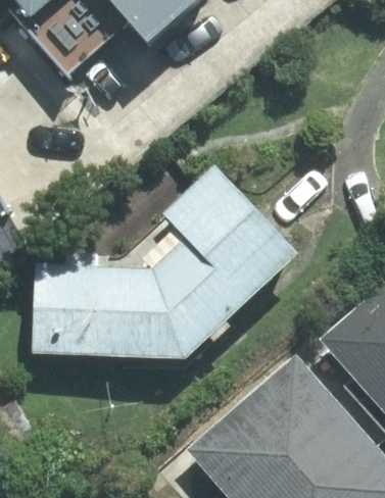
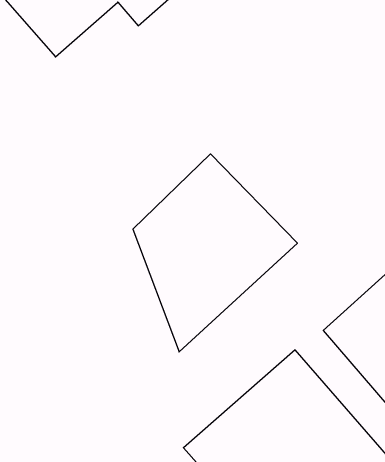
building: [37,242,185,358] -> none

